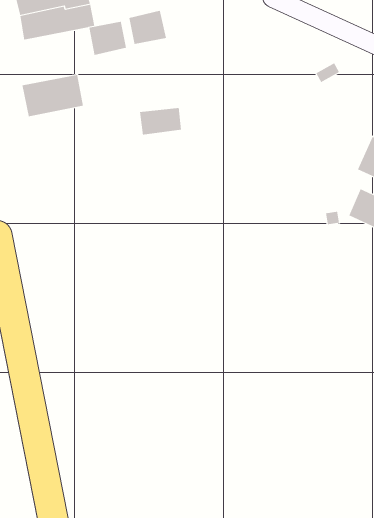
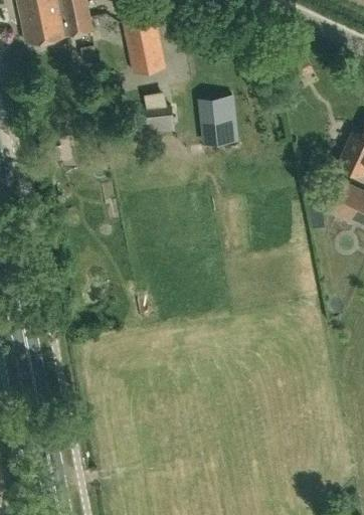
building: [88,21,127,55] -> [130,42,166,74]
building: [22,74,83,117] -> none
building: none -> [202,98,229,147]

